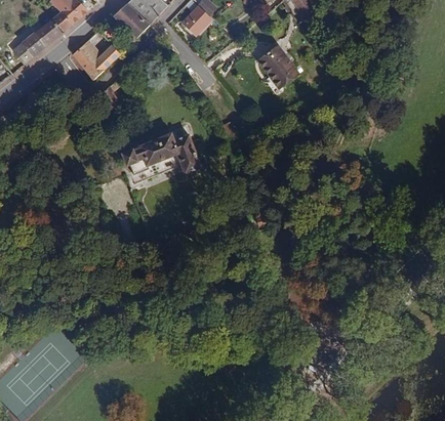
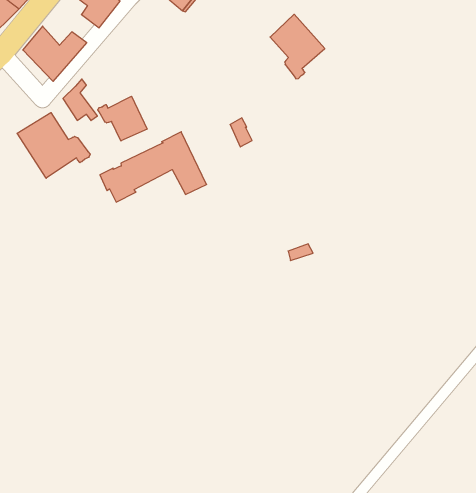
building: none -> [98,96,147,141]
building: none -> [17,113,90,178]

